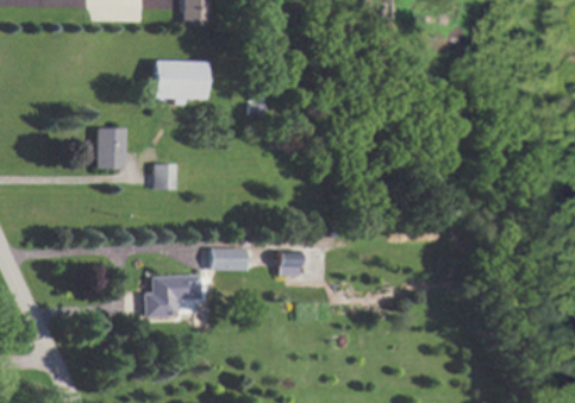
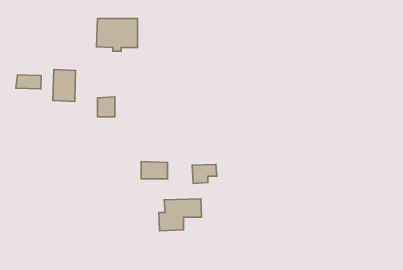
building: none -> [16,75,41,89]
building: [144,275,200,316] -> [159,199,202,231]

